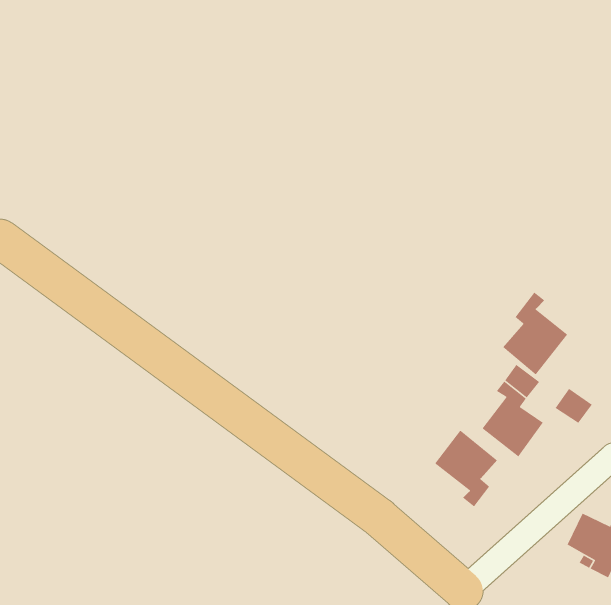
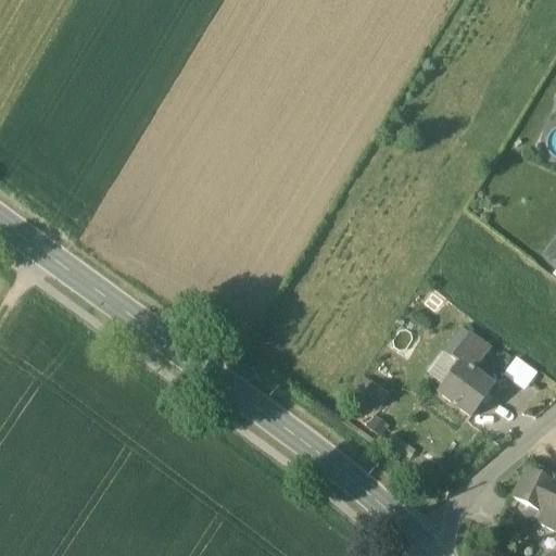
building: [502,291,568,376] -> none
building: [434,430,498,507] -> none

